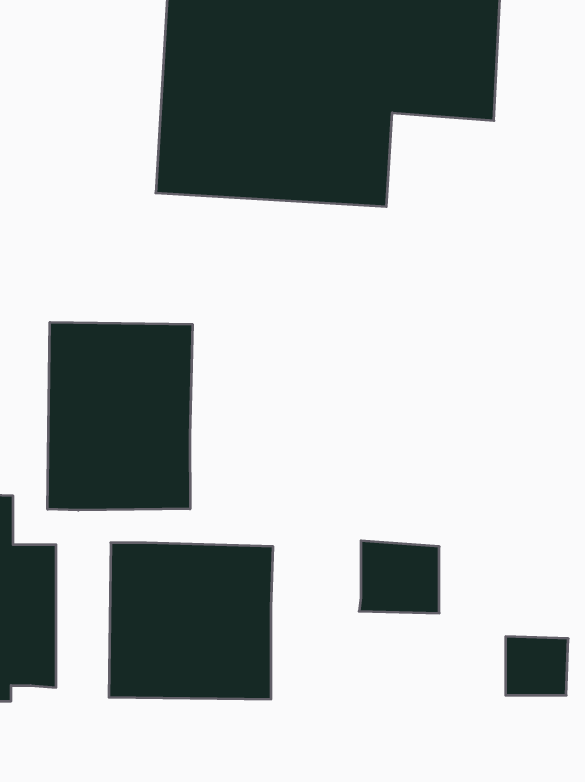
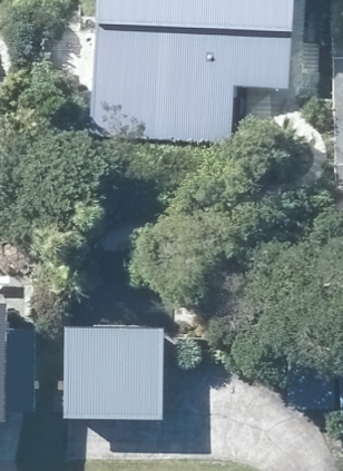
building: [48,322,192,510] -> none

